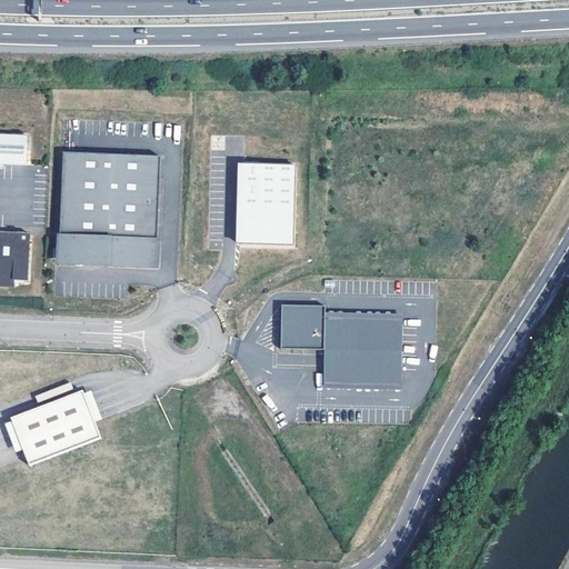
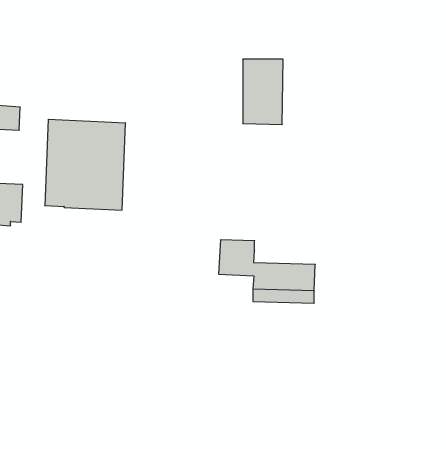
building: [239,163,290,246] -> [243,59,283,124]
building: [321,317,399,335] -> none
building: [9,391,98,466] -> none

